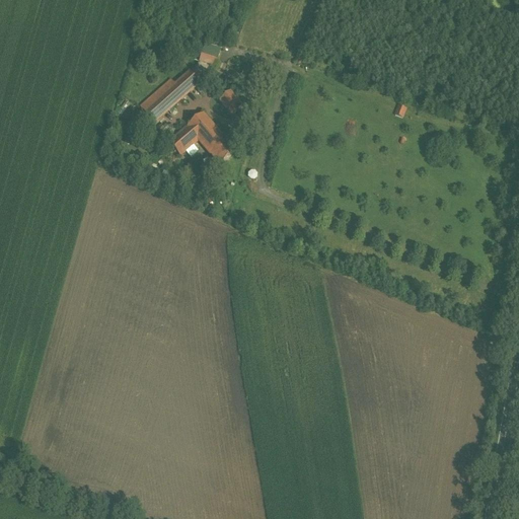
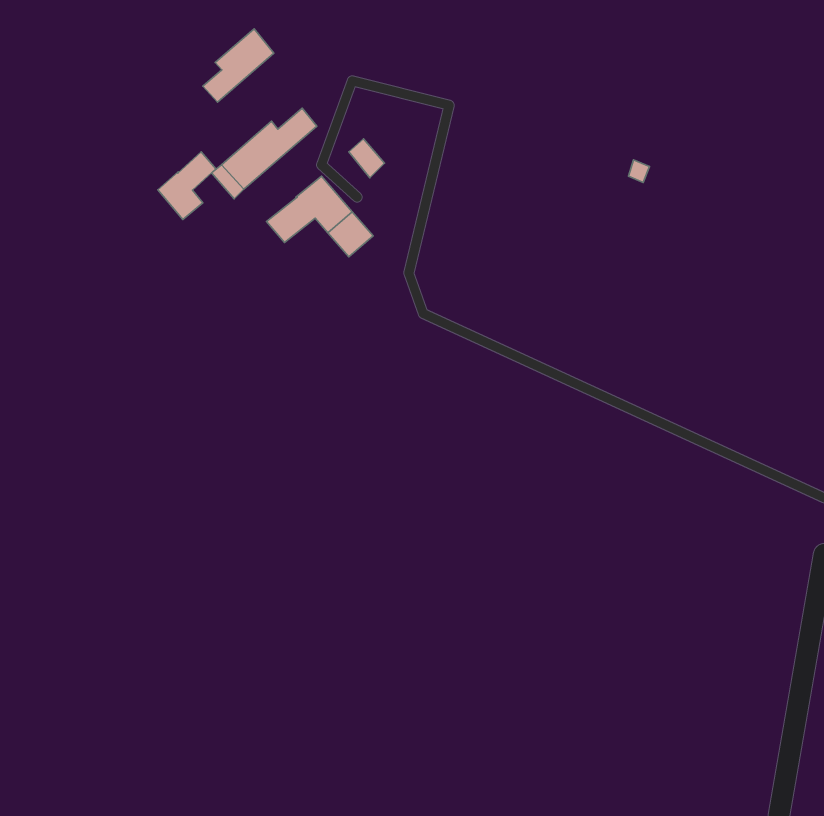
building: none -> [203,29,274,102]
building: none -> [158,152,216,219]

